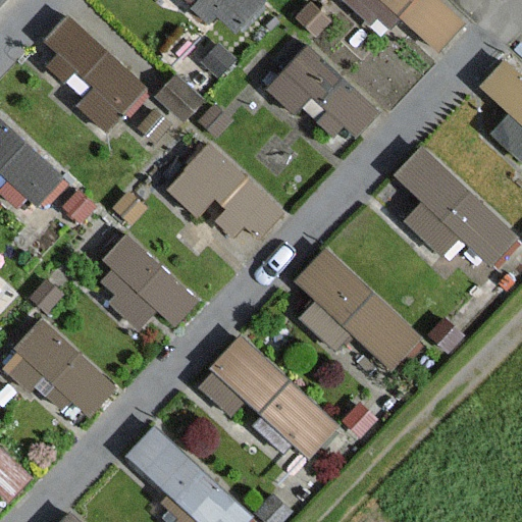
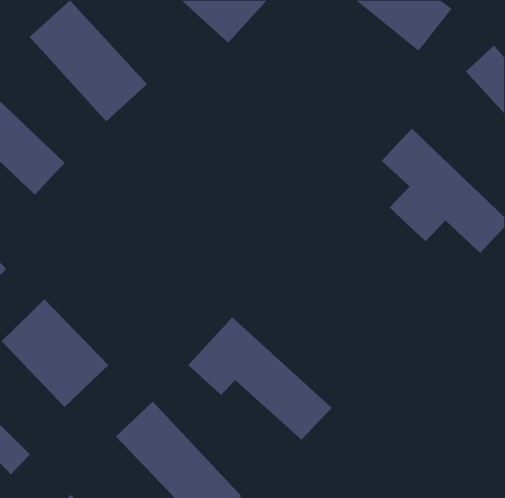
building: [266,43,380,152] -> none
building: [162,142,284,261] -> none
building: [96,239,200,340] -> none
building: [283,246,424,371] -> none

